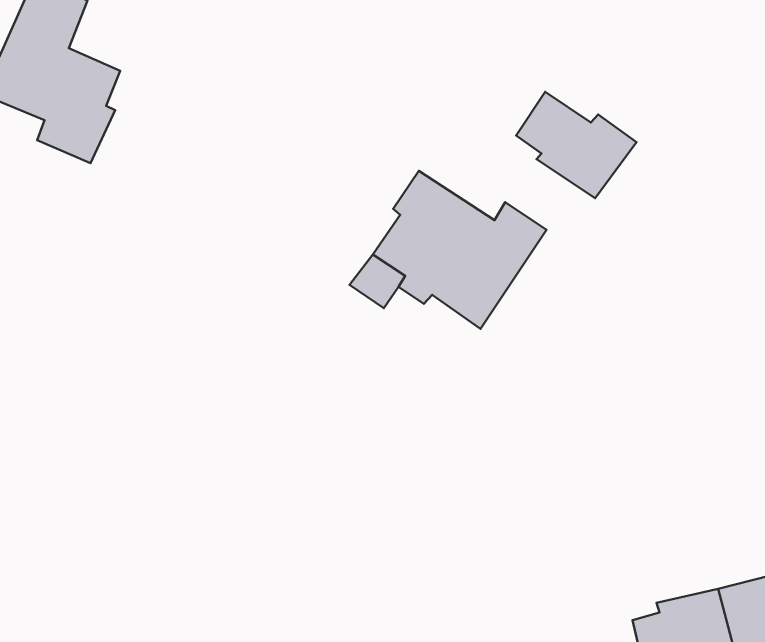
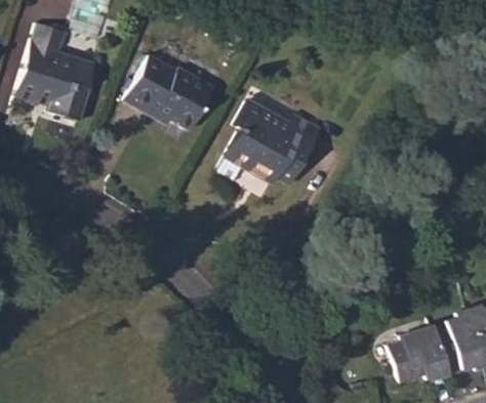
building: none -> [122,49,214,131]
building: [516,92,636,198] -> none

